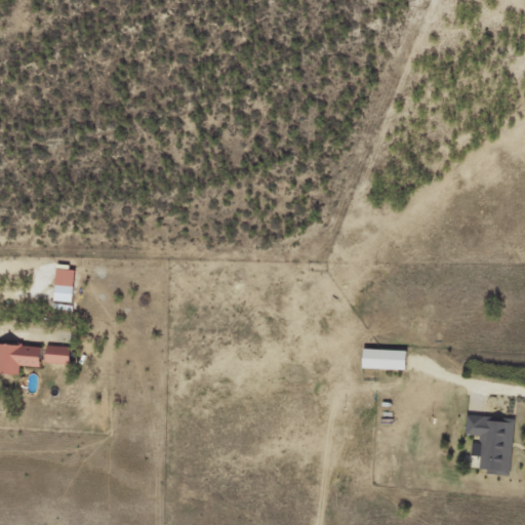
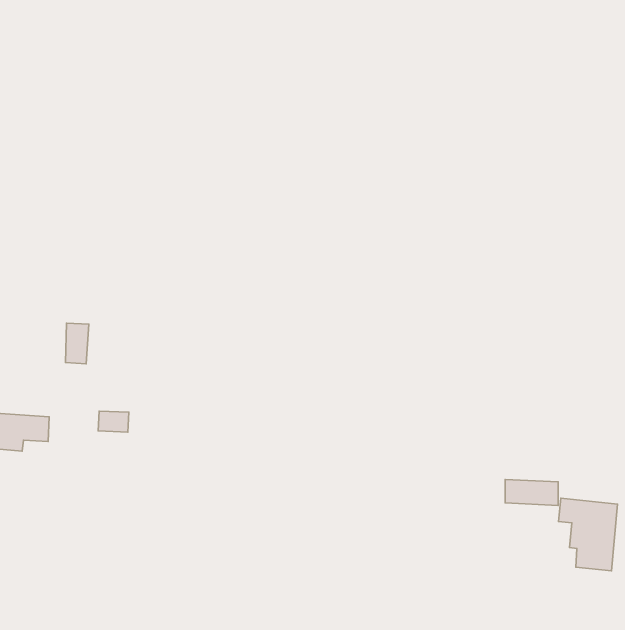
building: [45,346,71,363] -> [98,411,129,432]
building: [362,349,406,370] -> [505,480,558,505]

